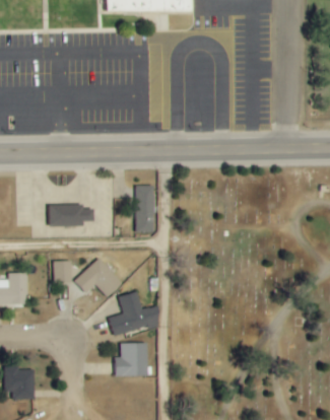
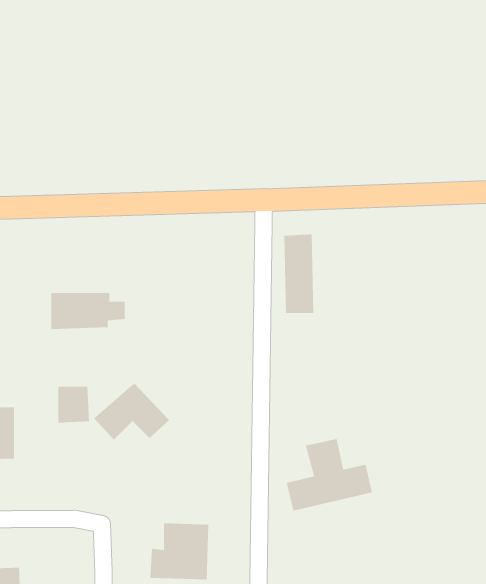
building: [135,185,153,232] -> [283,234,314,314]
building: [103,291,154,335] -> [286,438,373,512]

